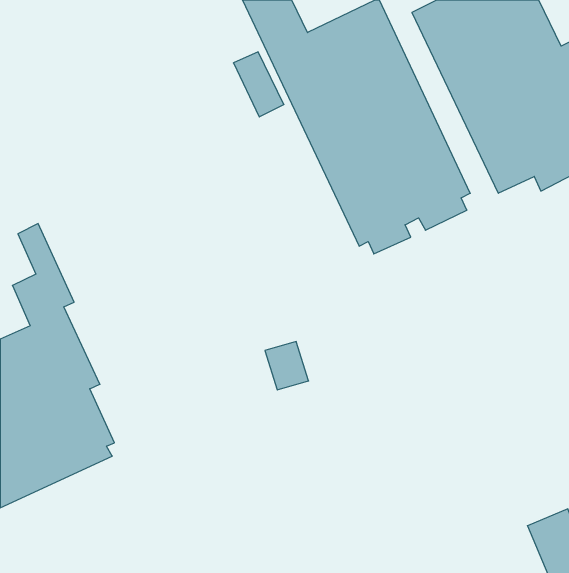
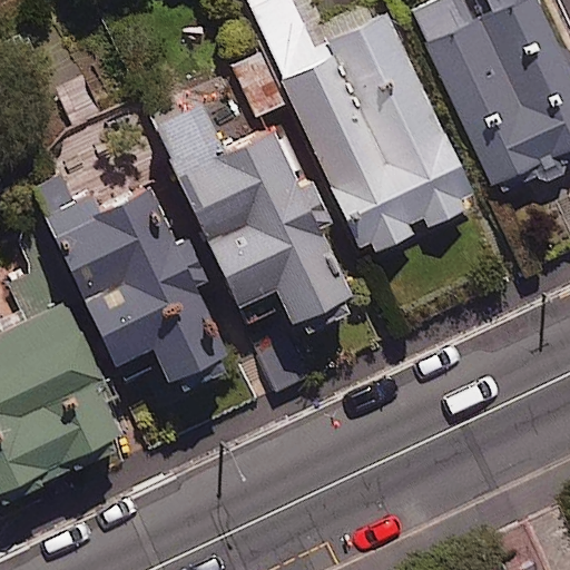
building: none -> [144,81,348,324]
building: none -> [27,171,227,385]

